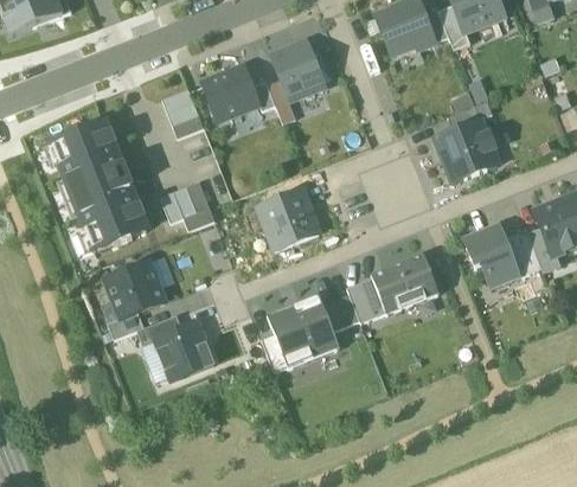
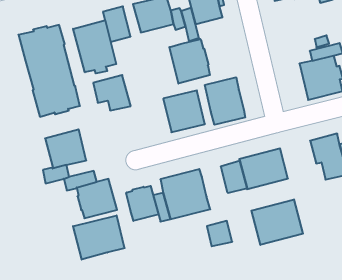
building: none -> [73,20,116,73]
building: none -> [169,39,210,84]
building: none -> [205,77,245,125]
building: [323,293,360,329] -> [207,221,232,246]
building: none -> [251,199,303,245]
building: none -> [126,186,158,221]
building: none -> [73,215,125,260]

